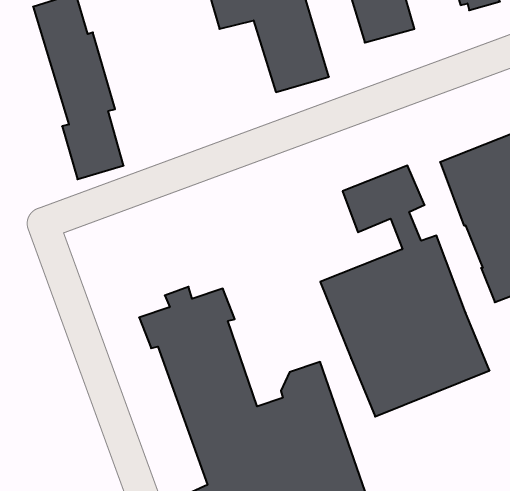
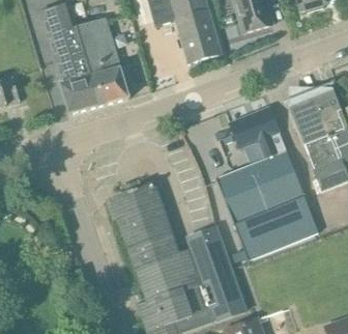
building: none -> [78,18,128,107]

